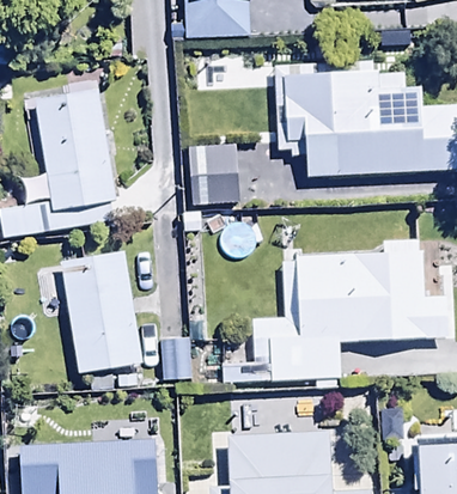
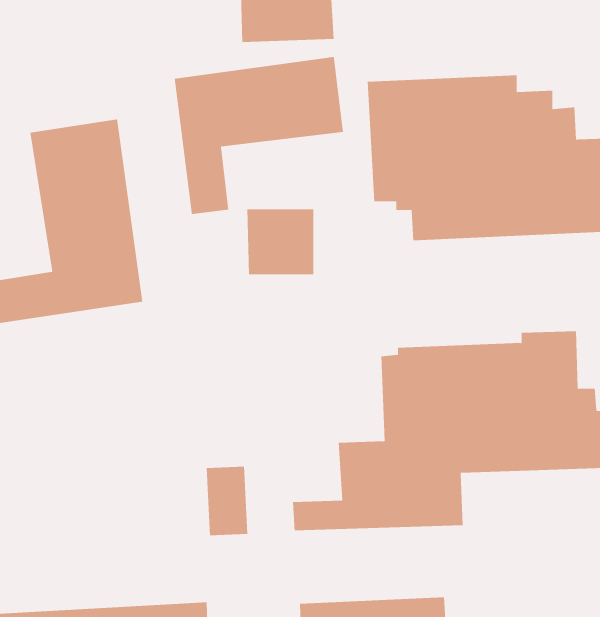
building: none -> [174,56,344,215]
building: [62,251,144,372] -> none

